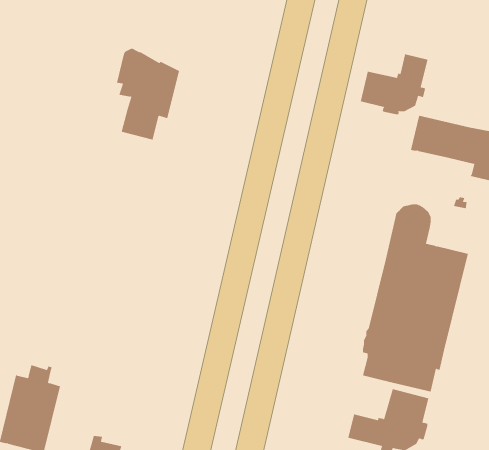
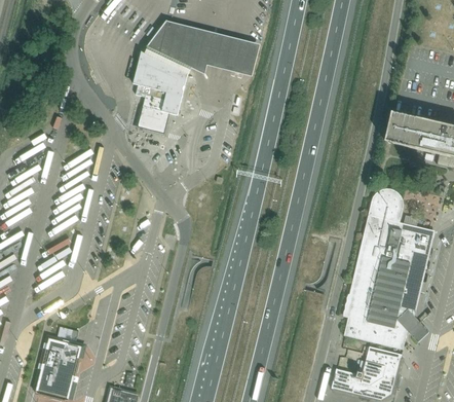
building: none -> [147,22,258,76]
building: [360,53,428,115] -> none

